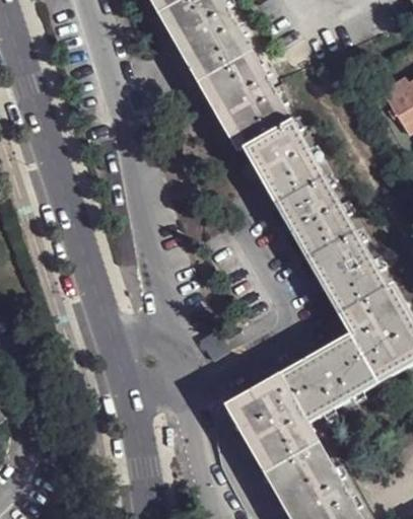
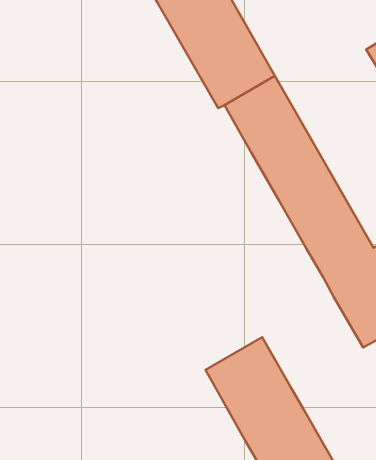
building: [280,332,377,421] -> none

